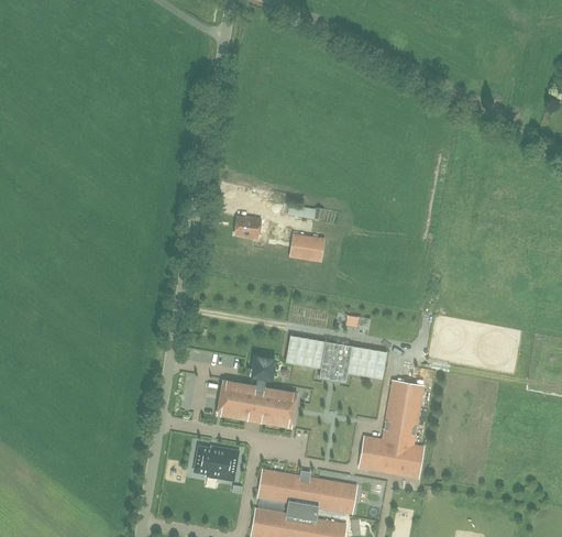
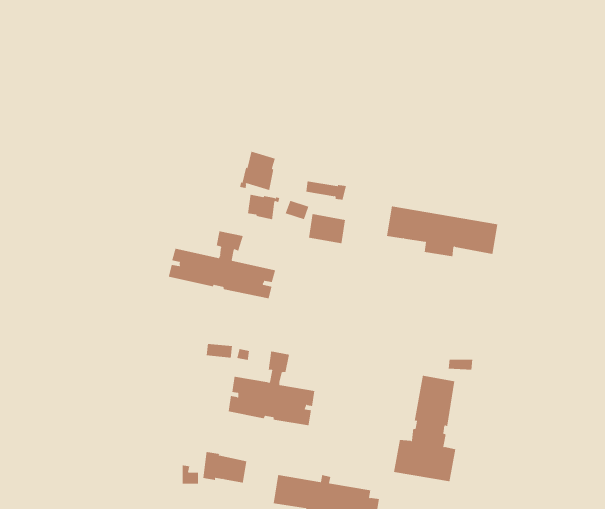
building: none -> [240,151,276,191]
building: none -> [168,230,276,299]
building: [285,335,386,381] -> [386,206,498,257]

